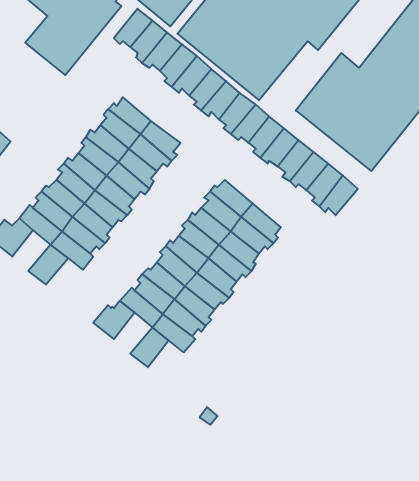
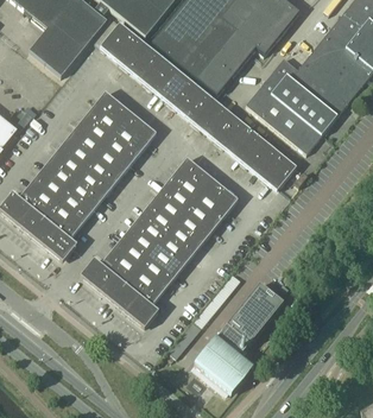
building: none -> [18,201,49,234]
building: none -> [45,223,75,258]
building: none -> [100,267,131,300]
building: none -> [194,284,283,393]
building: none -> [127,290,158,325]

